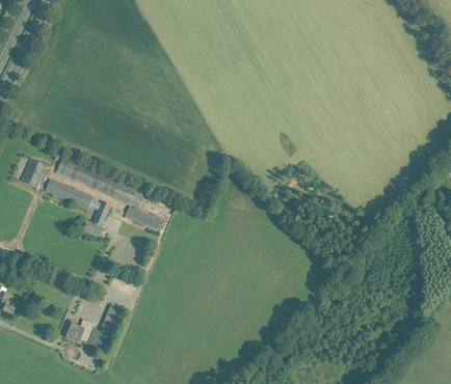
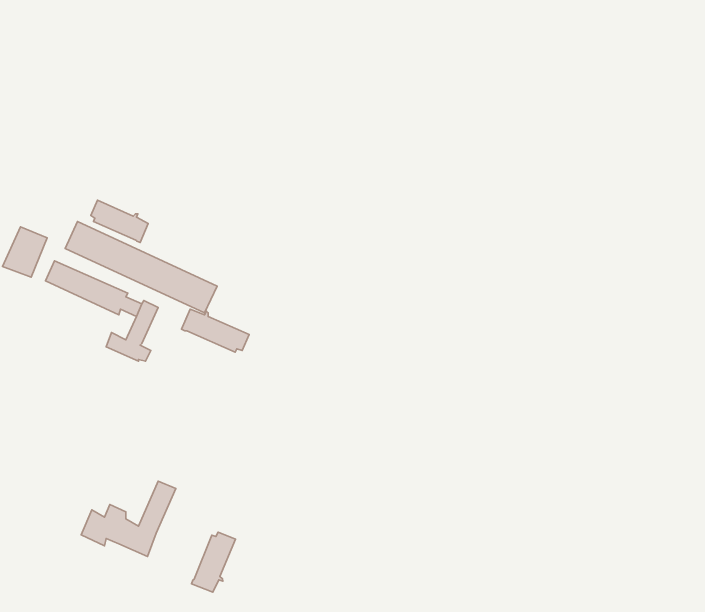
building: none -> [91,200,148,242]
building: none -> [192,532,235,592]

